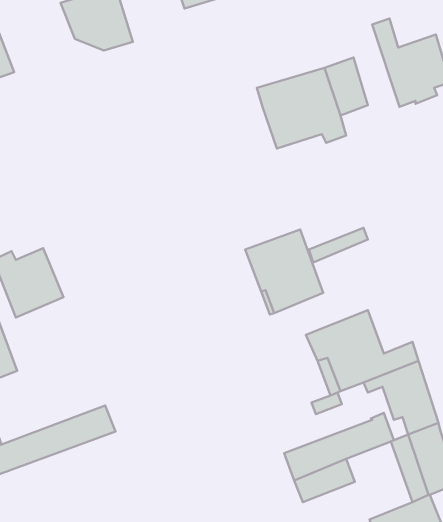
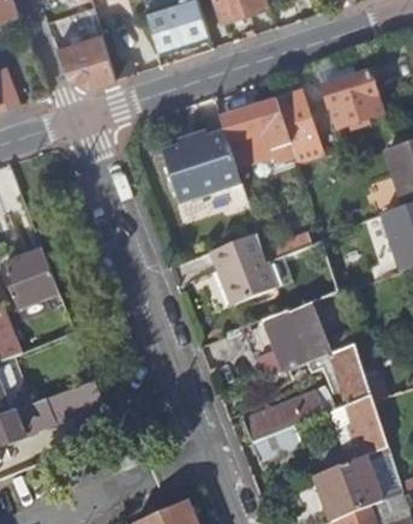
building: none -> [162,133,241,204]

